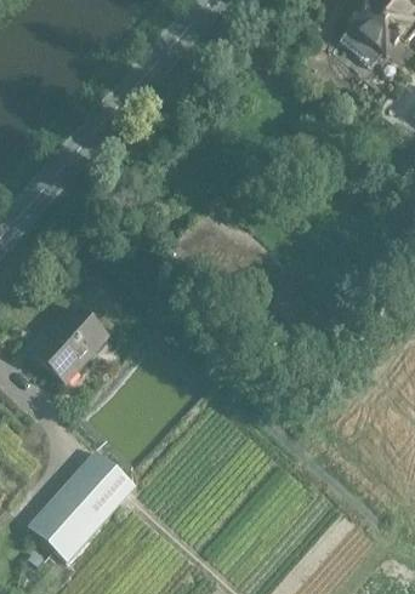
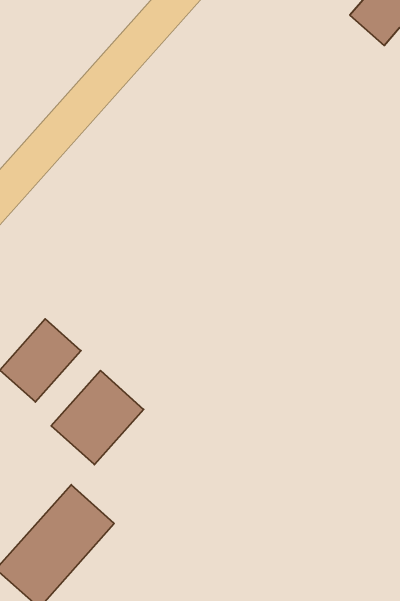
building: none -> [51,371,144,465]

